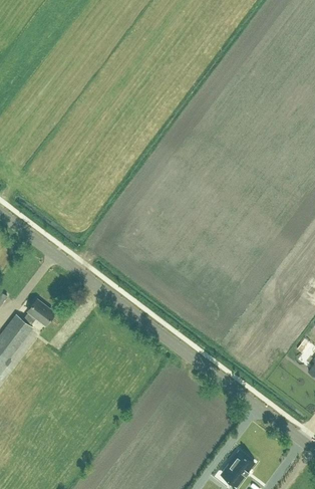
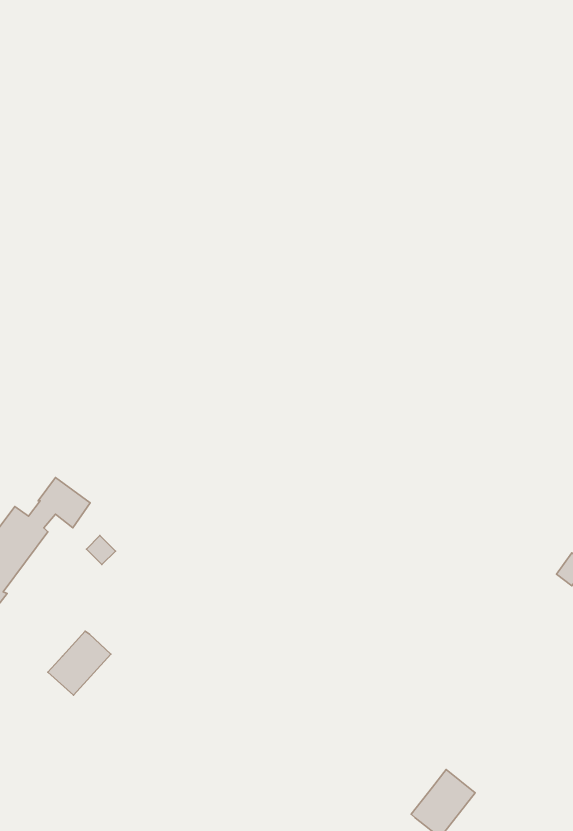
building: none -> [48,631,111,695]

